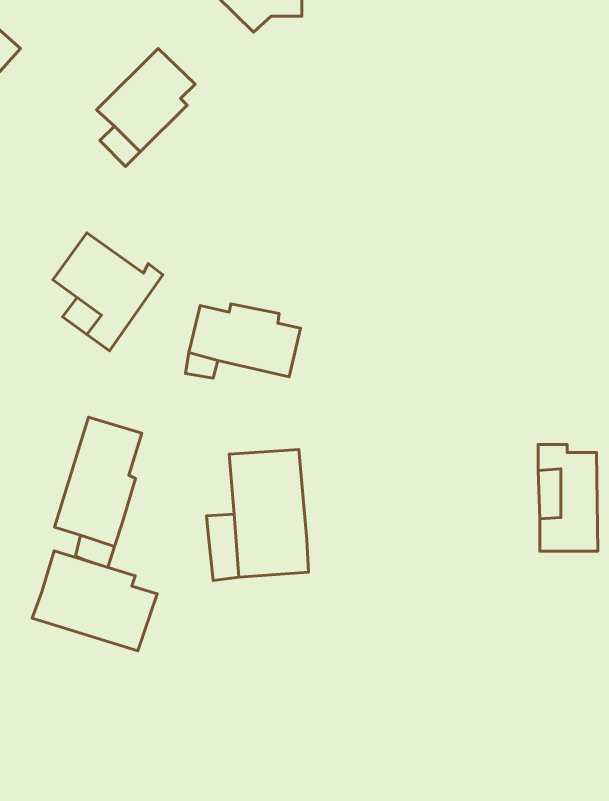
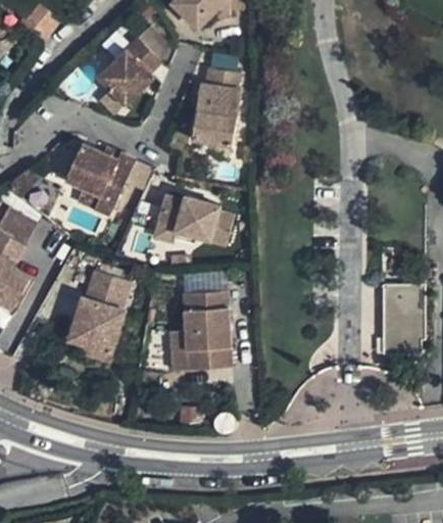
building: none -> [191,58,241,147]
building: [32,551,157,651] -> none

